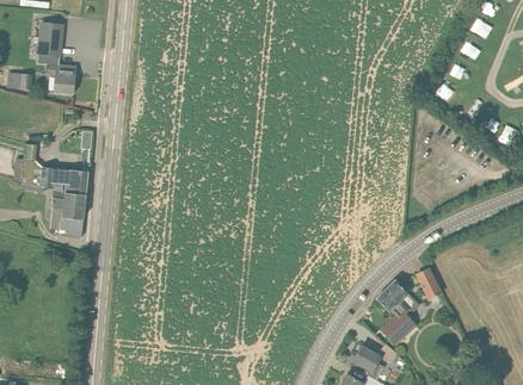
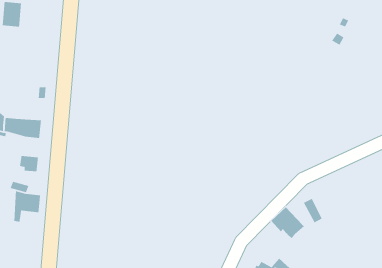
building: [47,60,75,93] -> none
building: [50,188,85,229] -> [13,190,41,223]
building: [382,313,416,344] -> none

